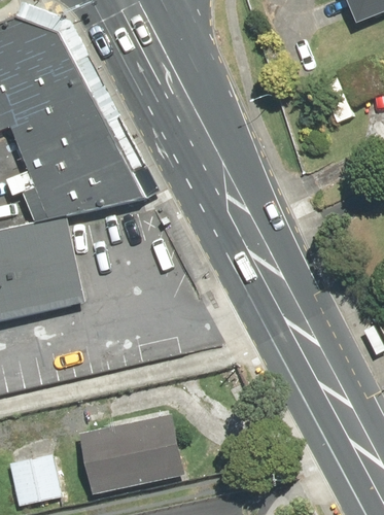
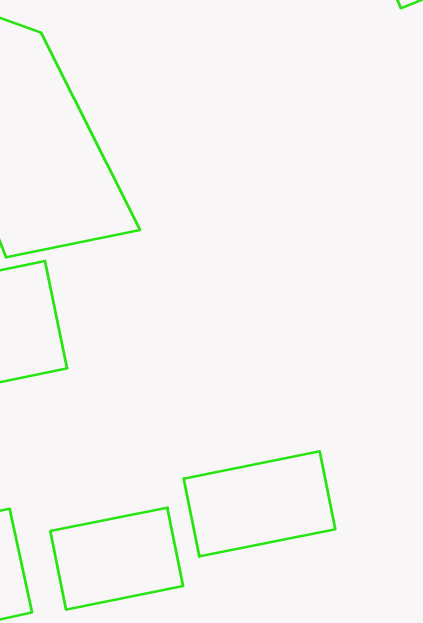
building: none -> [184,451,335,557]

